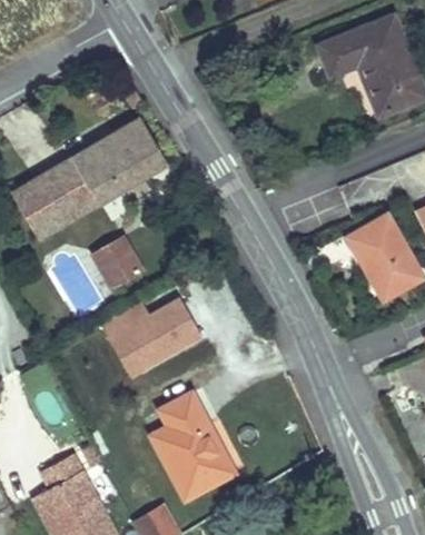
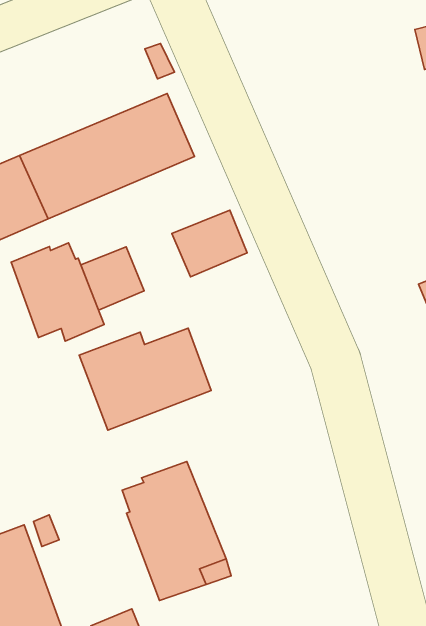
building: none -> [172,210,247,277]
building: none -> [11,243,104,341]

